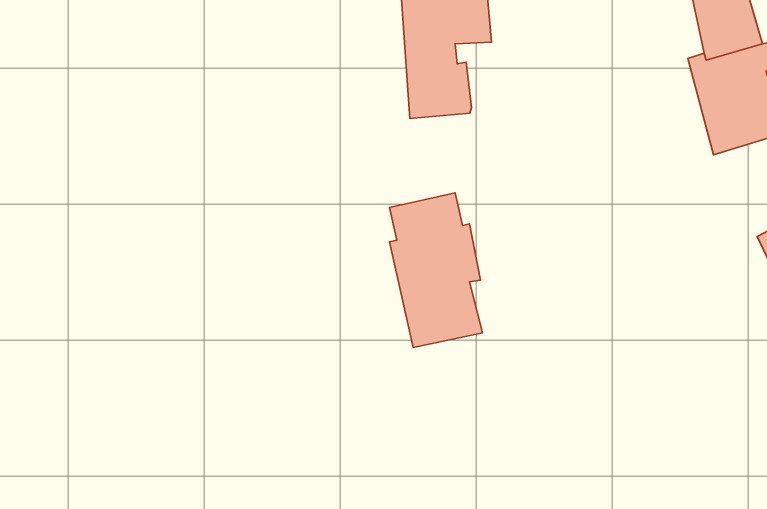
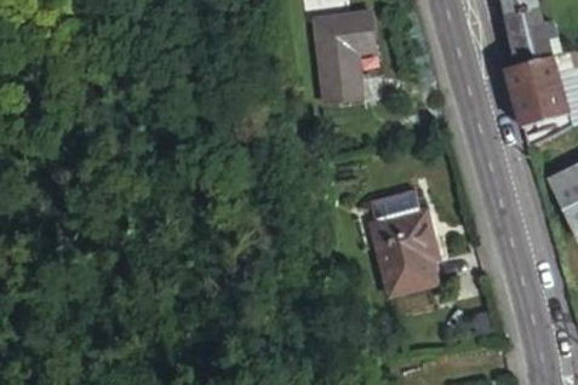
building: [390,193,482,347] -> [371,191,433,294]

